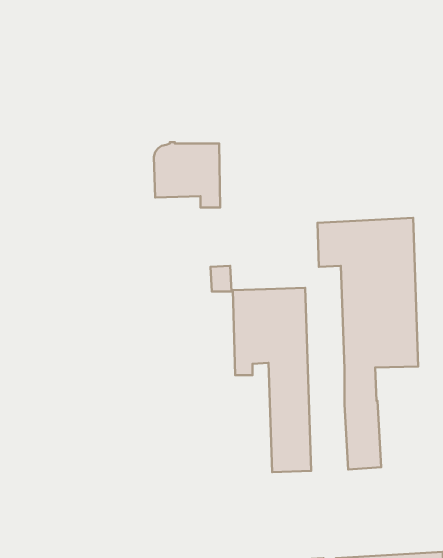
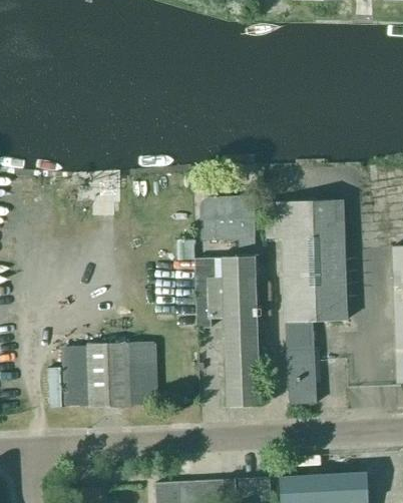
building: [154,142,220,207] -> [200,195,255,248]
building: none -> [48,342,154,408]

